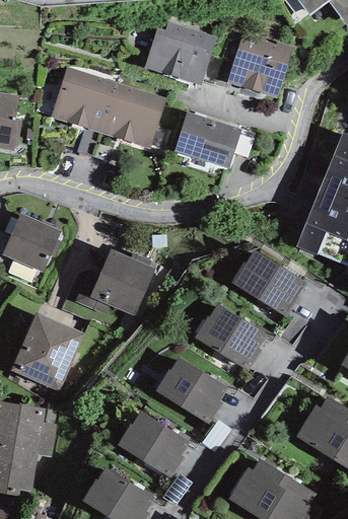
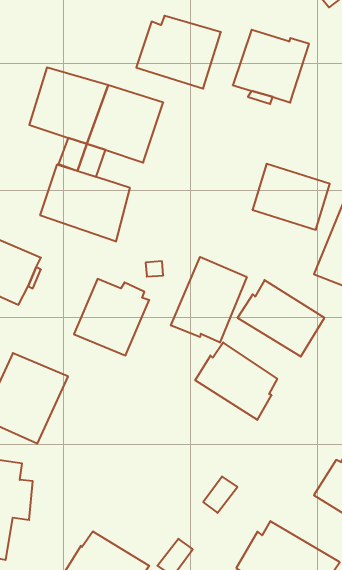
building: [173,112,240,168] -> [252,164,330,230]
building: none -> [40,164,130,242]
building: none -> [171,257,247,343]
building: [155,357,226,424] -> none
building: [116,411,189,477] -> none

